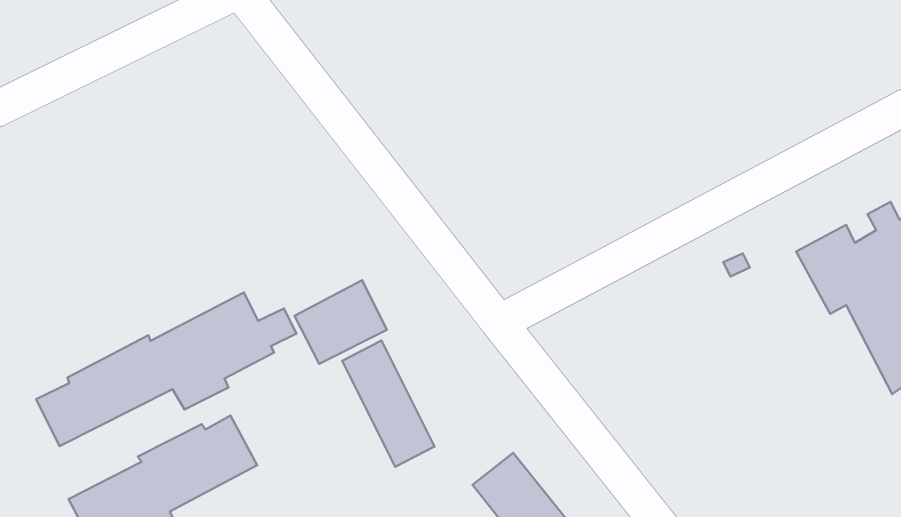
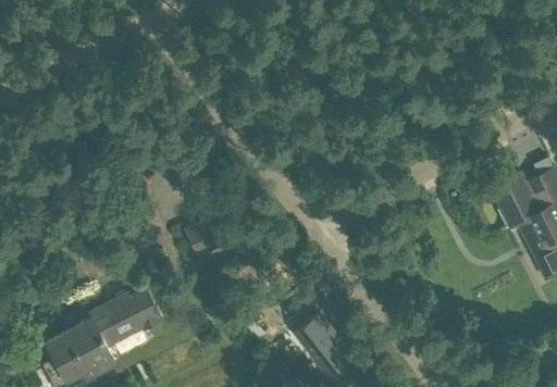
building: [36,293,296,446] -> none
building: [342,340,435,467] -> none

